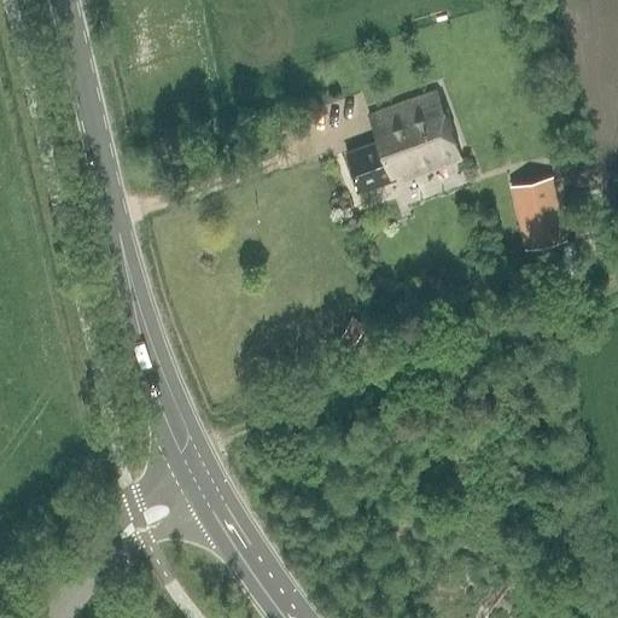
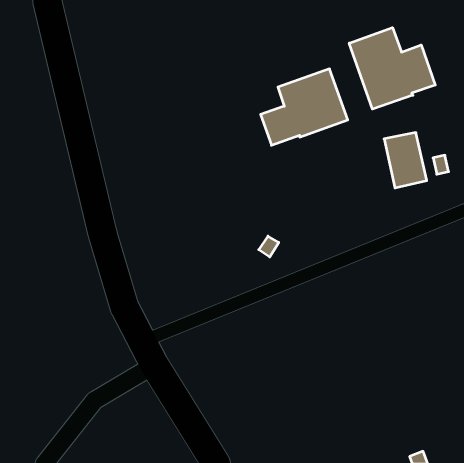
building: none -> [349,28,435,109]

